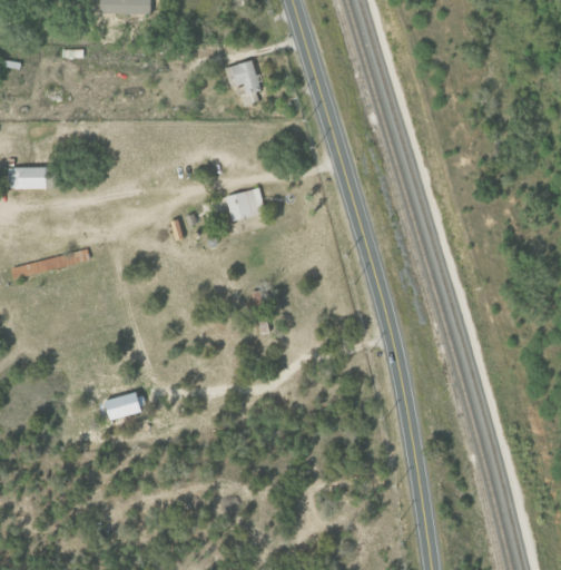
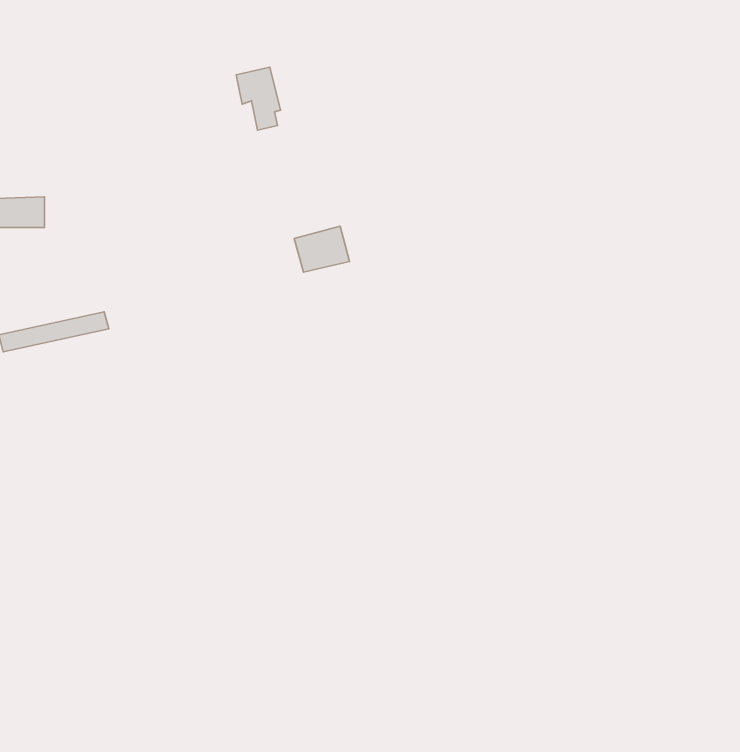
building: [228,60,260,106] -> [236,67,280,130]
building: [102,393,141,419] -> none

